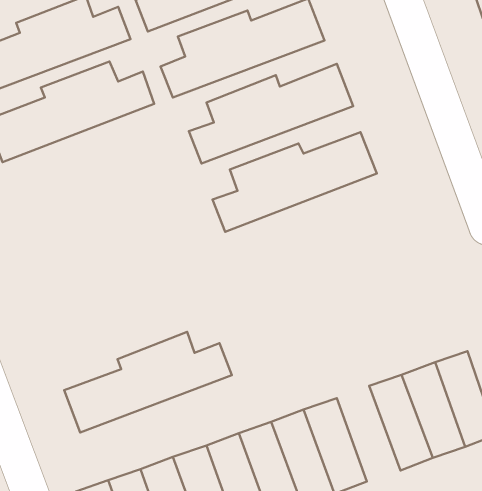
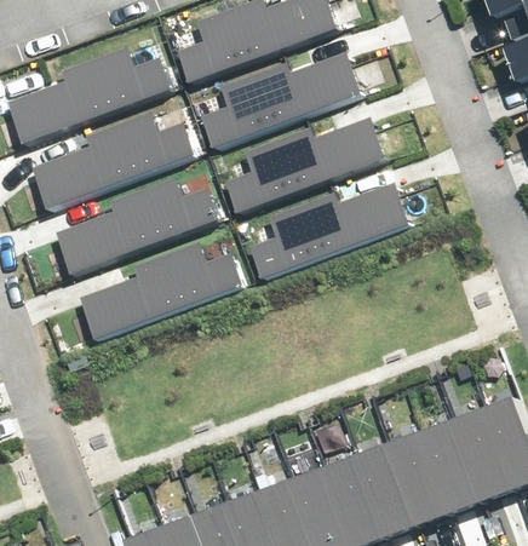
building: none -> [57,177,220,275]
building: [64,332,232,432] -> [79,242,242,340]
building: none -> [374,430,436,523]

